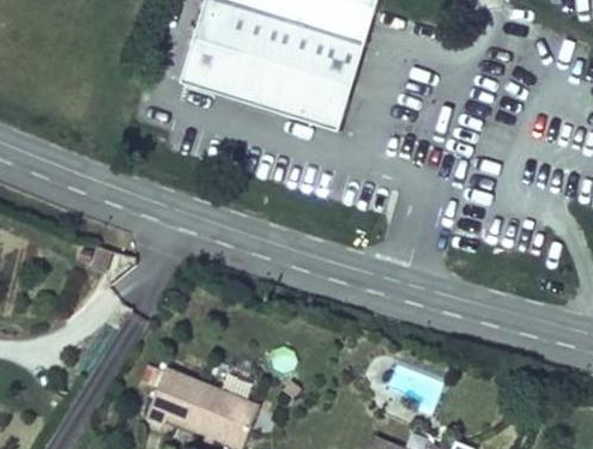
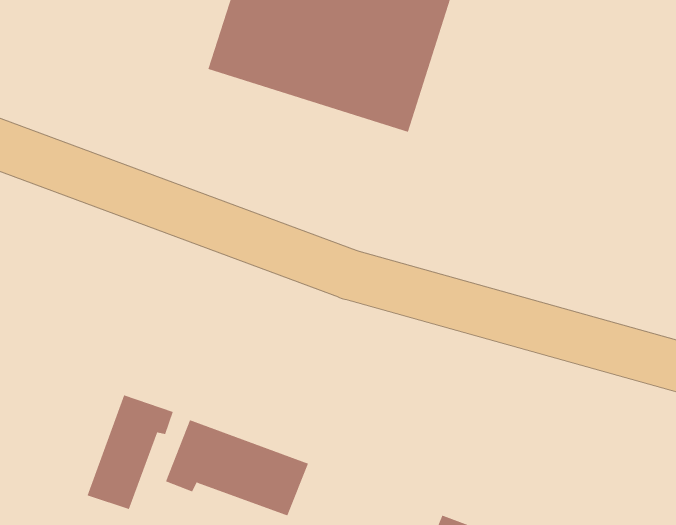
building: none -> [87,395,173,510]

